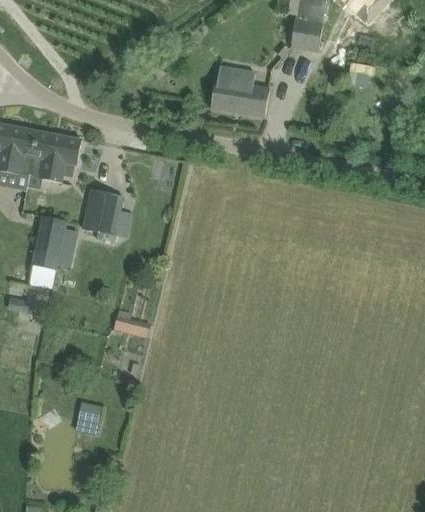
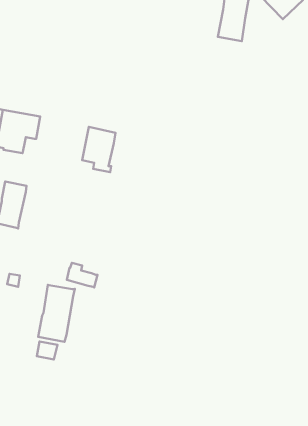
building: [210,66,269,117] -> none
building: [83,189,122,242] -> [82,127,115,172]
building: none -> [38,285,75,342]

